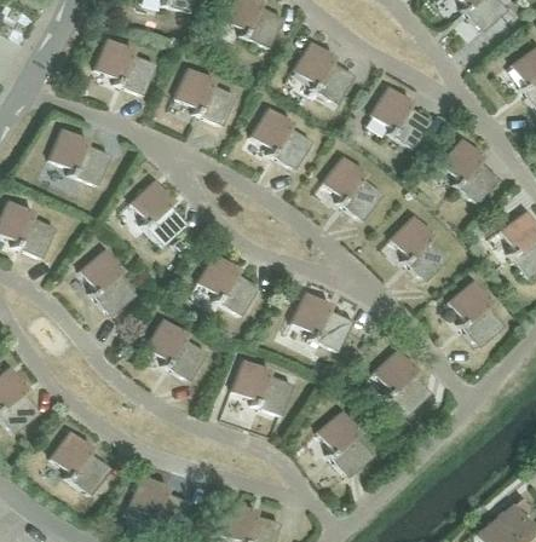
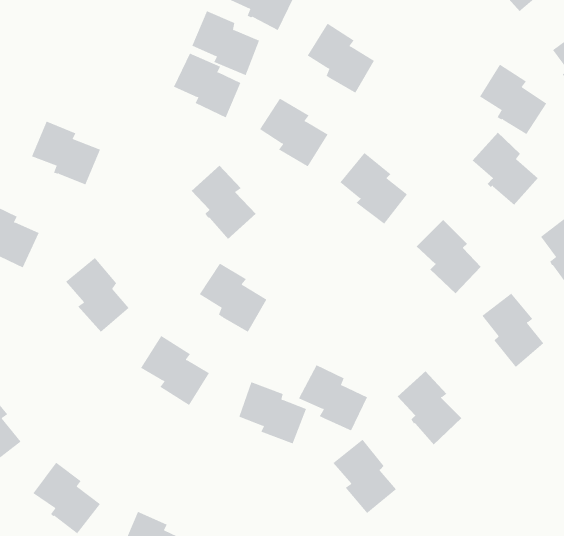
building: [94,38,155,96] -> [192,10,260,76]
building: [370,86,431,149] -> [479,64,547,135]
building: [129,180,188,247] -> [191,165,256,240]
building: [290,292,352,351] -> [298,364,368,431]

